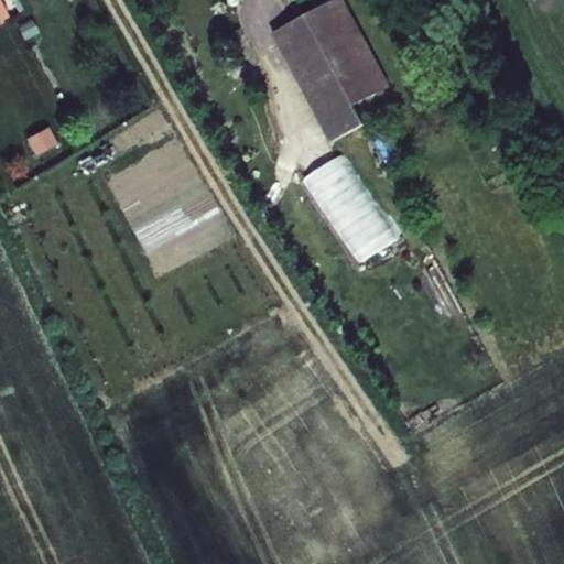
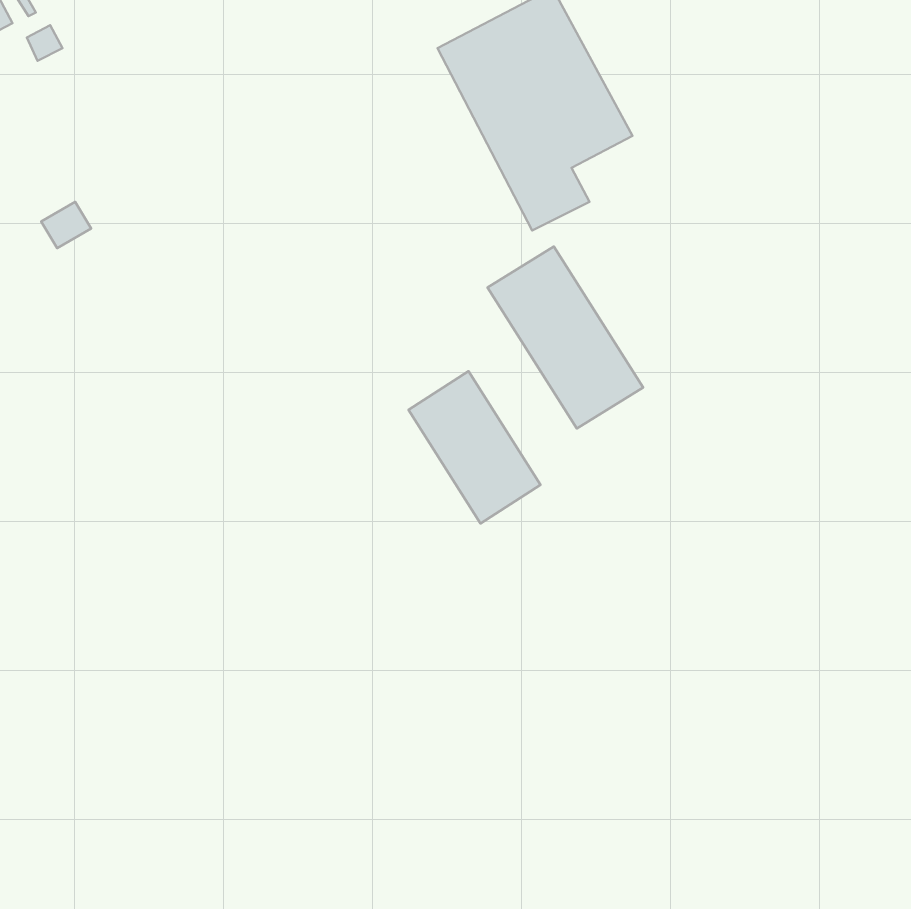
building: none -> [408,371,541,524]

